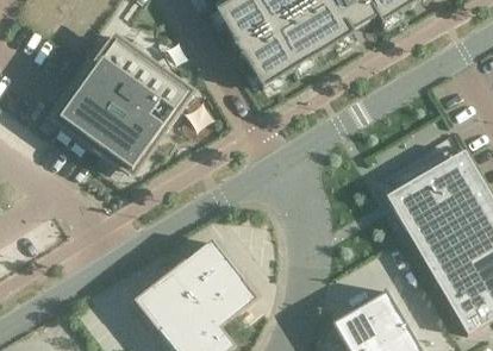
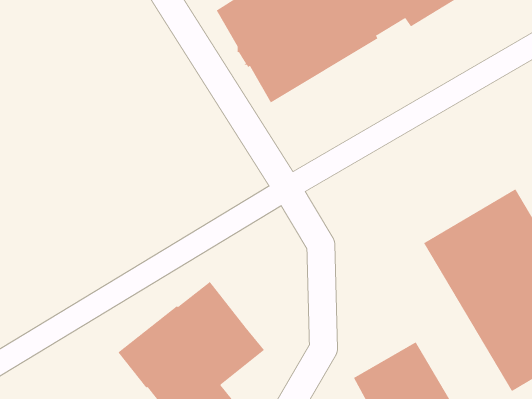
building: [60,38,192,169] -> none

